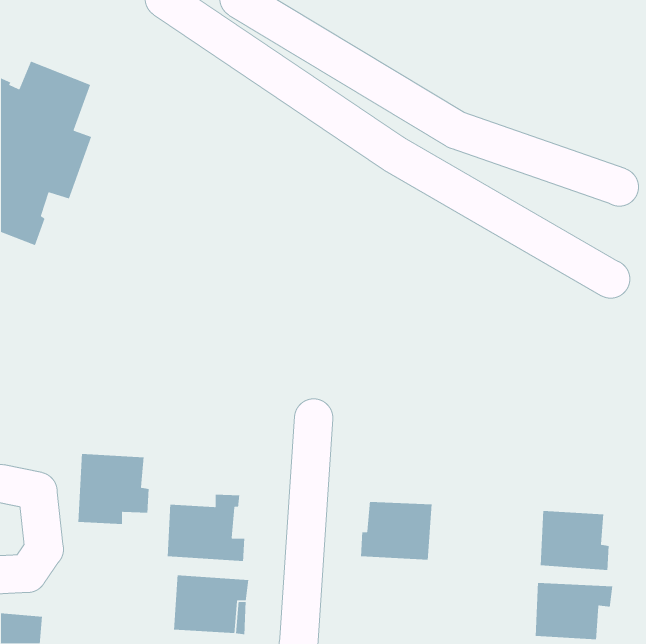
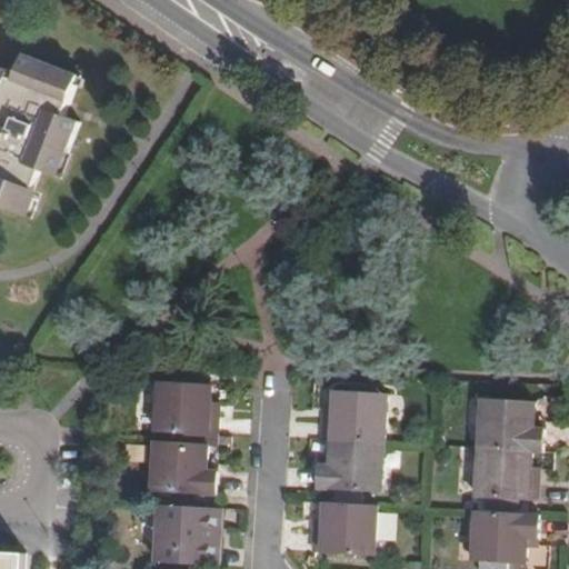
building: none -> [320,395,382,443]
building: [77,453,149,525] -> [149,382,212,446]
building: none -> [477,401,542,452]
building: none -> [313,502,373,551]

